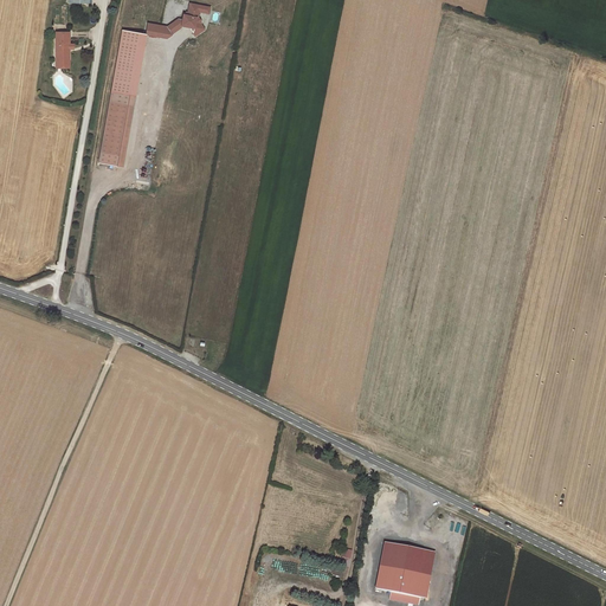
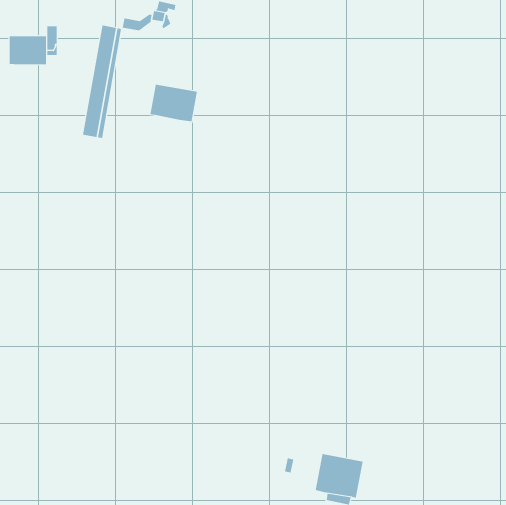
building: none -> [9,35,47,65]
building: none -> [150,84,197,122]

